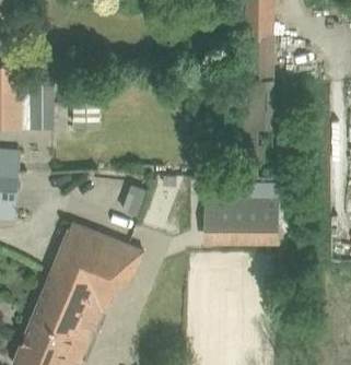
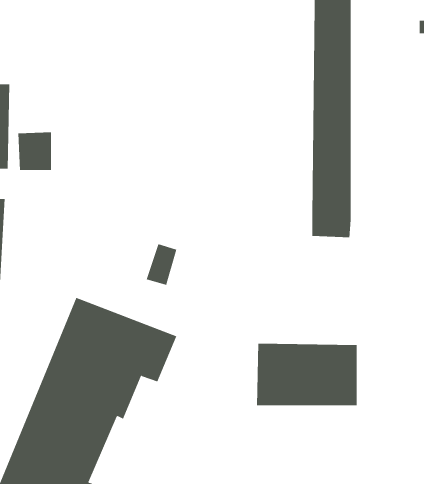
building: [204,197,279,243] -> [256,343,358,406]

